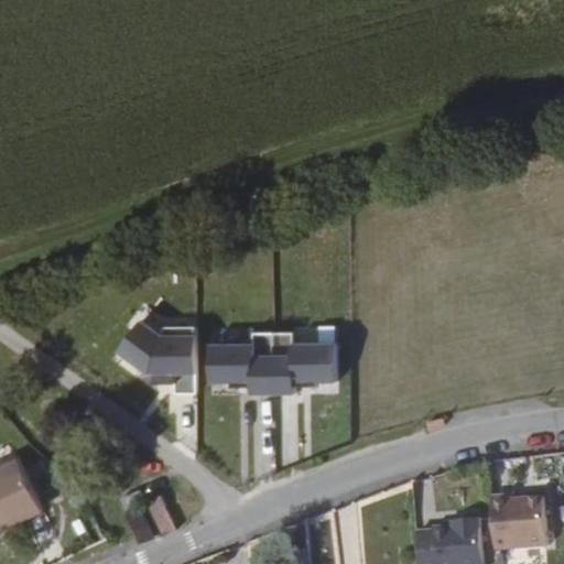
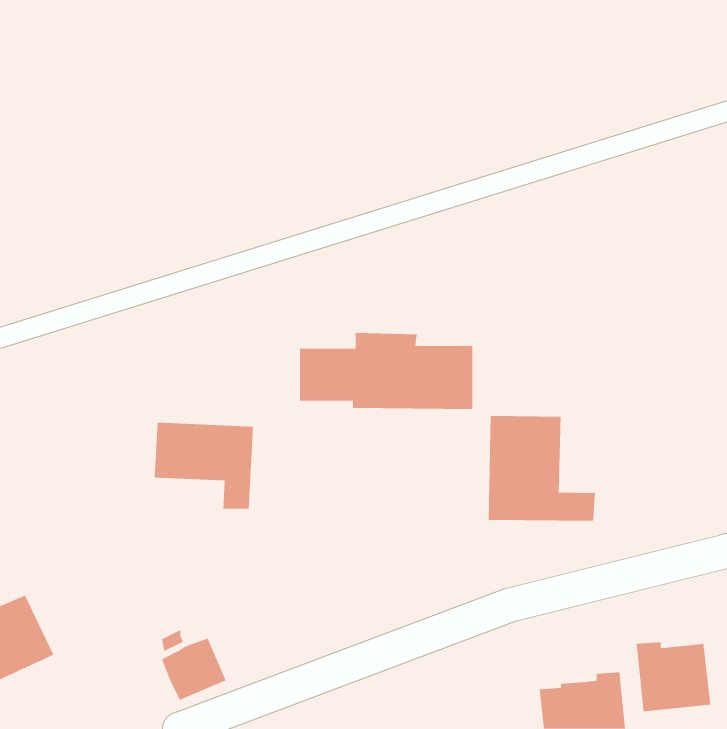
building: none -> [488,415,596,522]
building: [202,332,336,391] -> [299,333,473,410]

